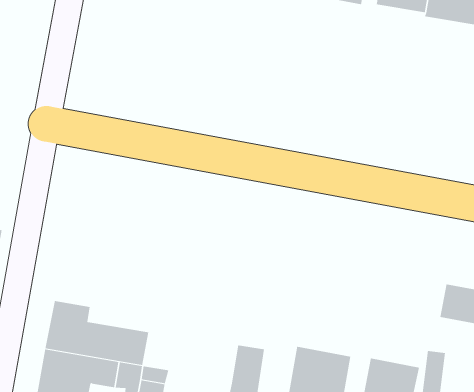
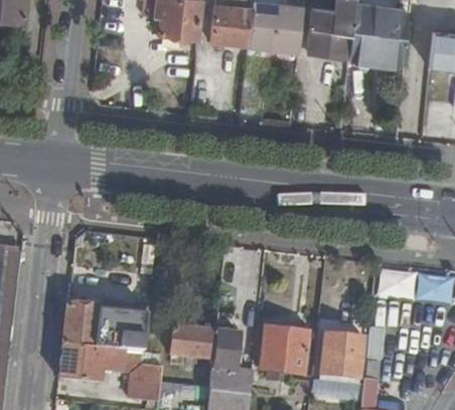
building: none -> [169,324,217,361]

